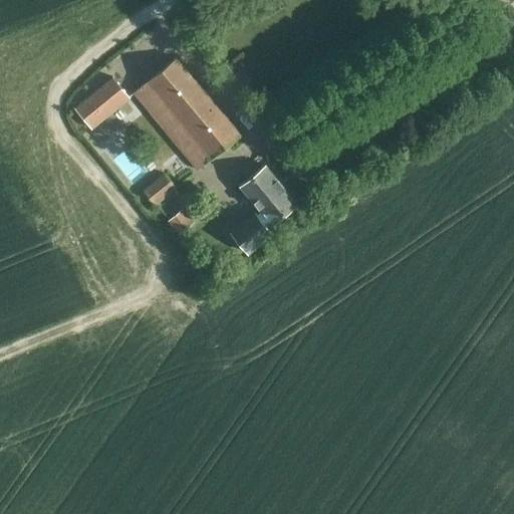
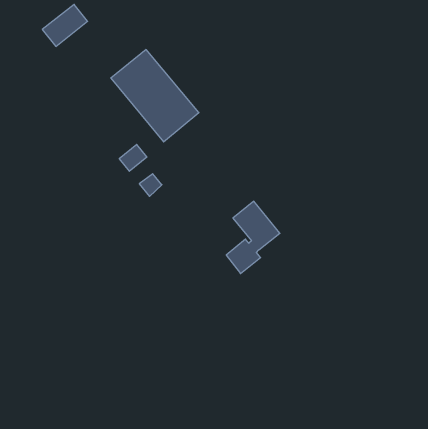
building: [75,77,130,127] -> [42,4,88,46]
building: [232,167,296,253] -> [226,201,280,274]

